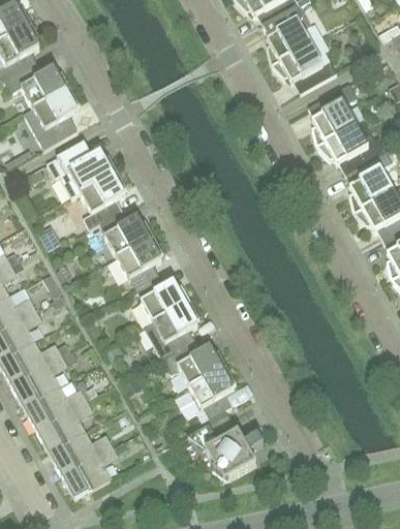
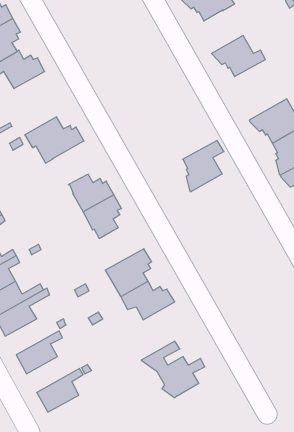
building: [261,5,310,65] -> none
building: [307,84,357,146] -> [183,140,224,192]
building: [23,87,79,149] -> none
building: [79,170,126,229] -> none
building: [135,275,189,321] -> none
building: [188,365,236,418] -> none
building: [22,385,87,429] -> none
building: [48,431,112,474] -> none

